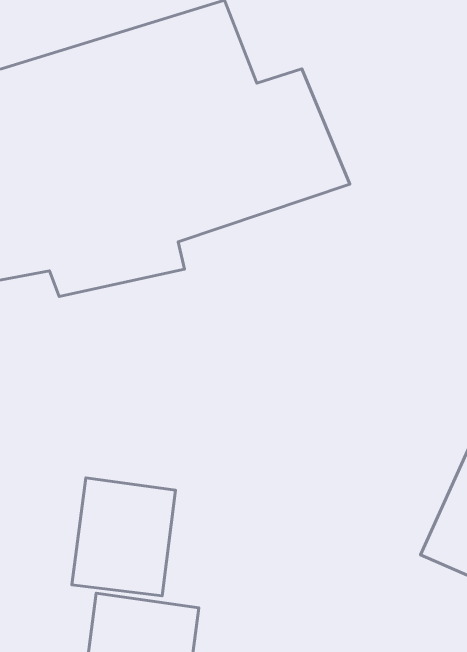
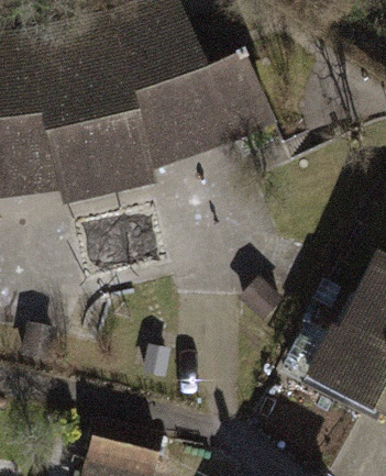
building: [72,478,176,596] -> none

